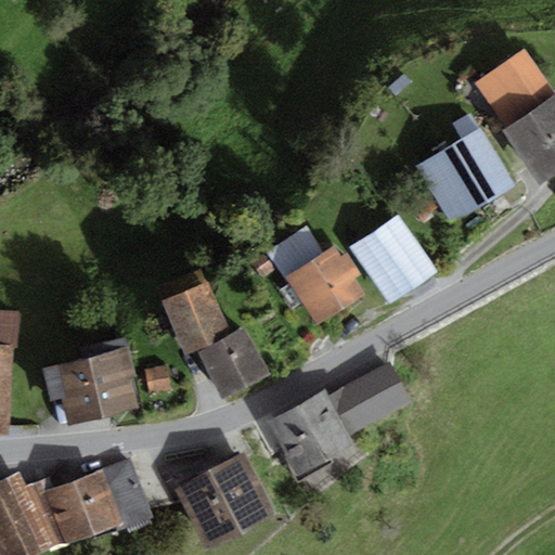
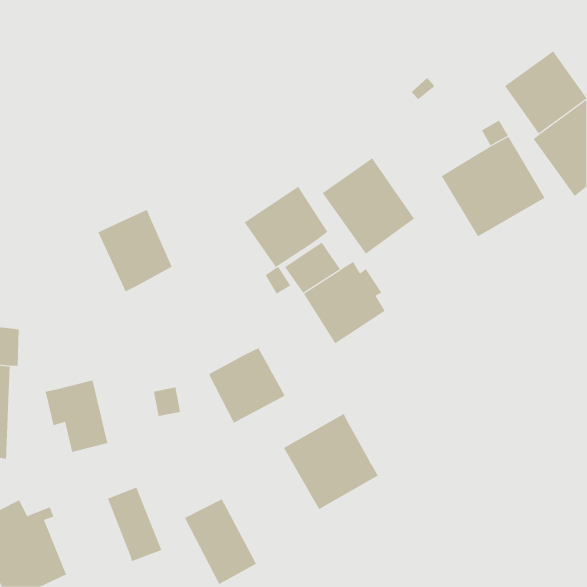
building: none -> [244,186,328,268]
building: [349,215,437,306] -> [322,158,415,254]
building: [159,280,230,358] -> [98,209,172,292]
building: [88,348,135,417] -> none
building: [327,361,411,435] -> none
building: [209,453,274,531] -> none
building: [42,469,122,545] -> none

